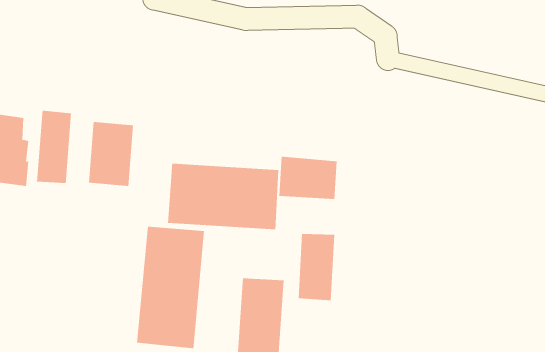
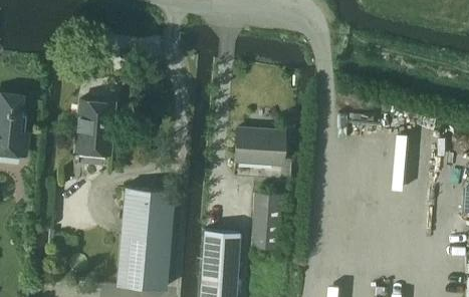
building: [37,110,72,184] -> none
building: [167,163,279,230] -> none

